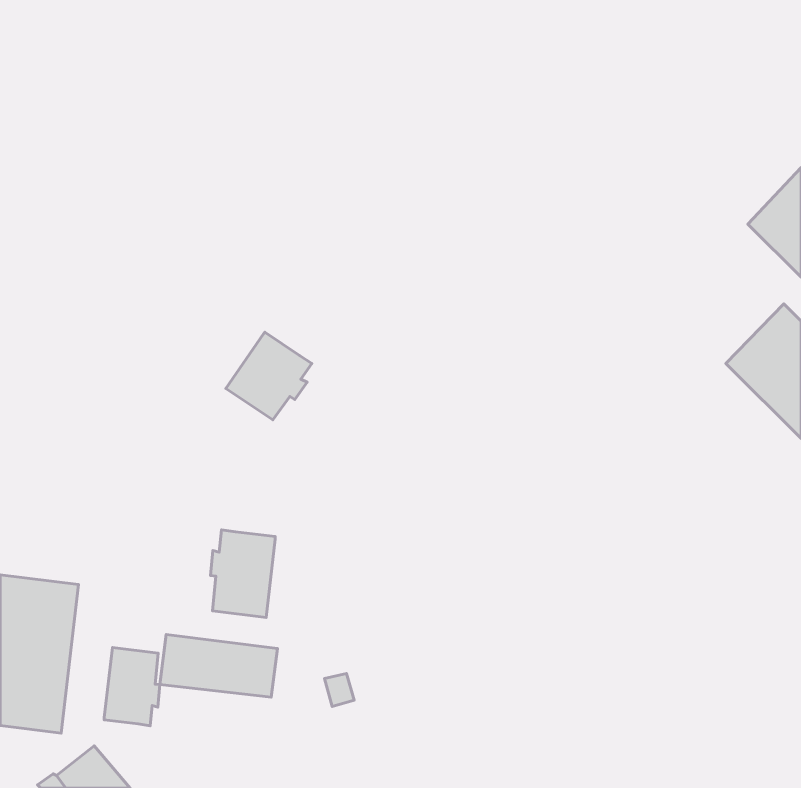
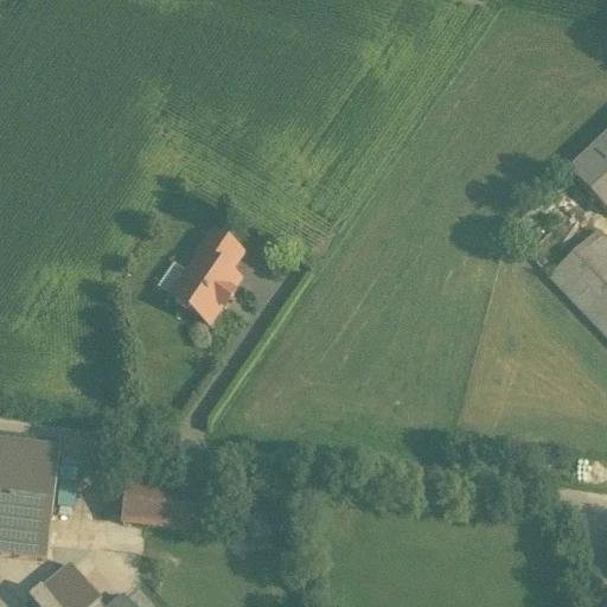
building: none -> [196,228,241,269]
building: [210,530,275,618] -> none
building: [104,647,160,726] -> none

